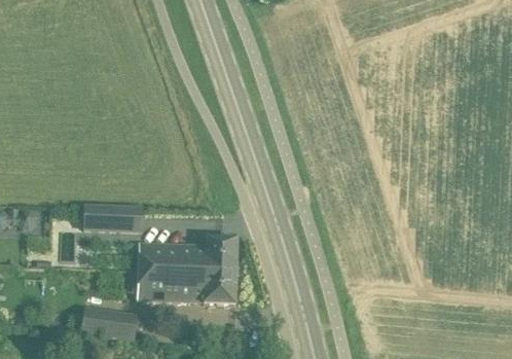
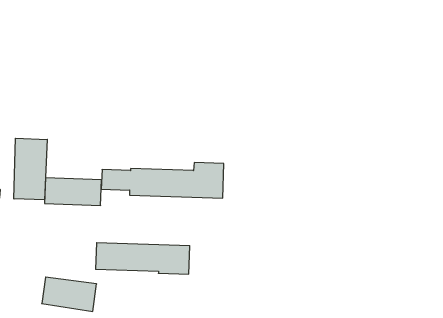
building: none -> [14,138,47,200]
building: [109,236,237,273] -> [101,163,224,198]

